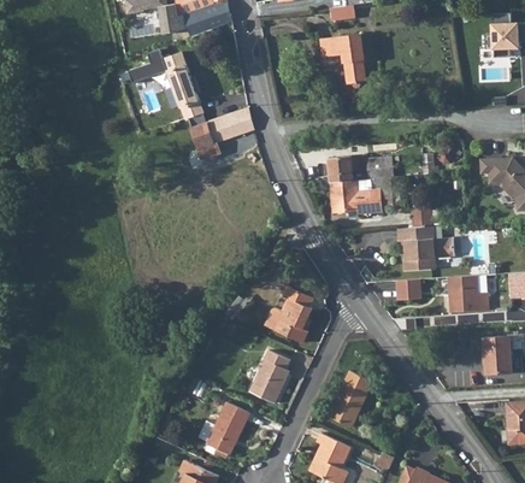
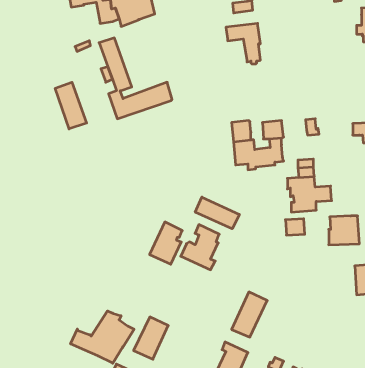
building: none -> [55,82,87,129]
building: none -> [195,197,239,229]
building: [248,349,289,402] -> [150,222,182,264]
building: none -> [71,311,134,363]

